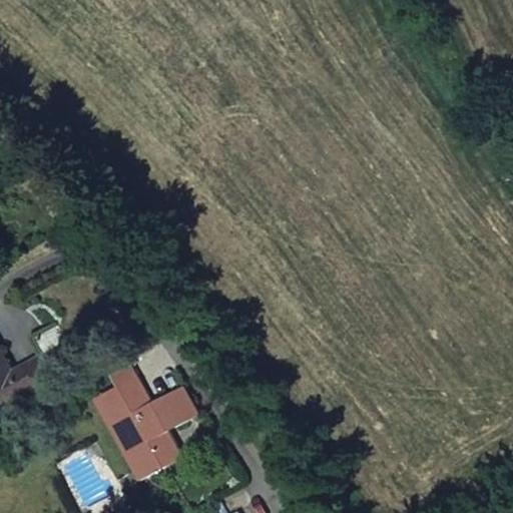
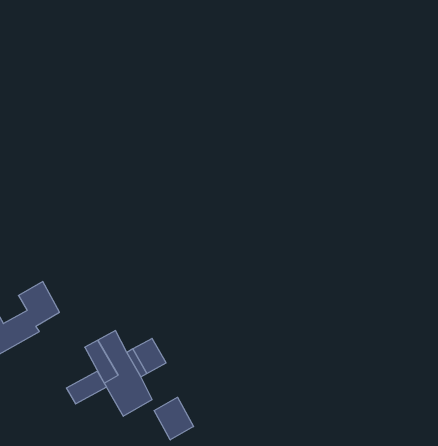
building: none -> [66,371,106,404]
building: none -> [154,397,194,440]

